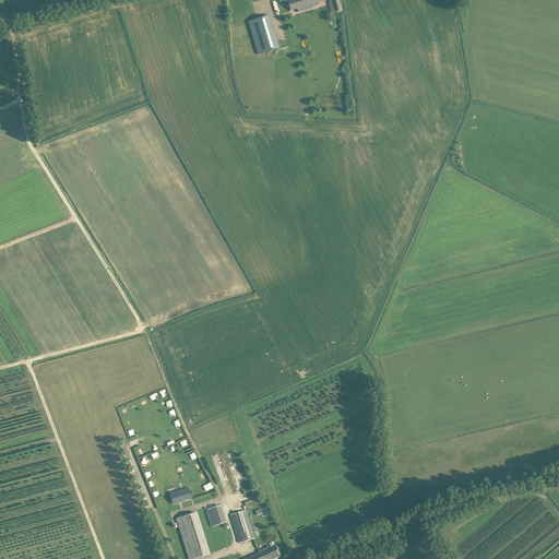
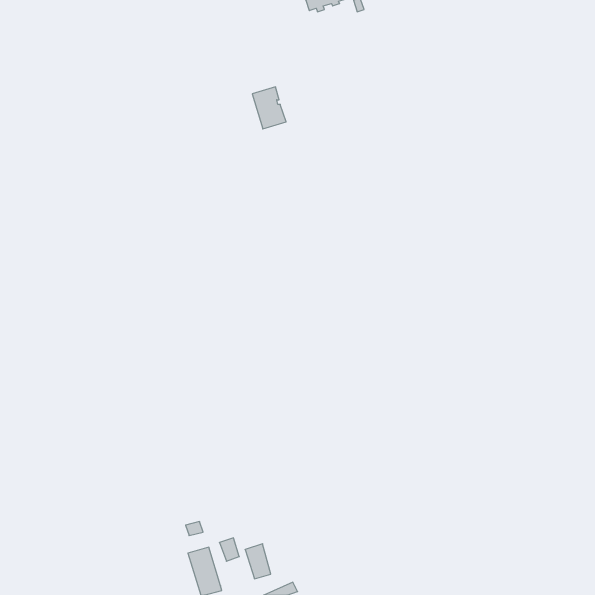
building: [247,14,278,53] -> [252,87,286,129]

